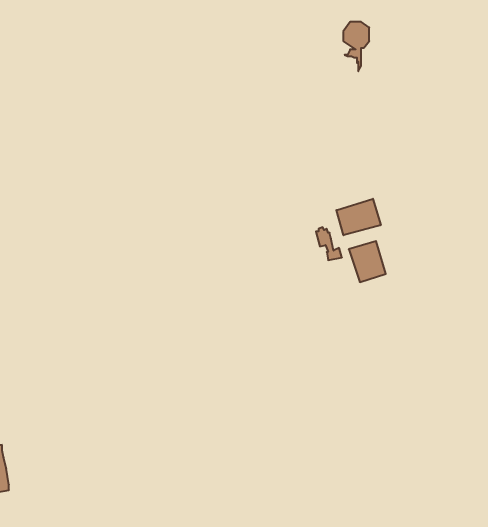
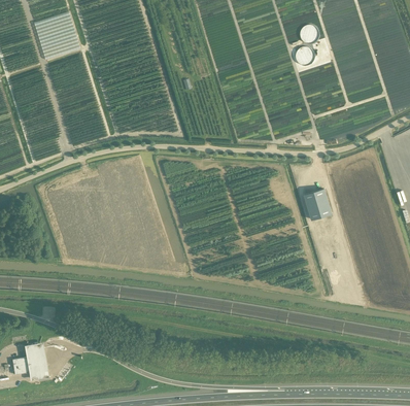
building: [336,199,381,235] -> none

